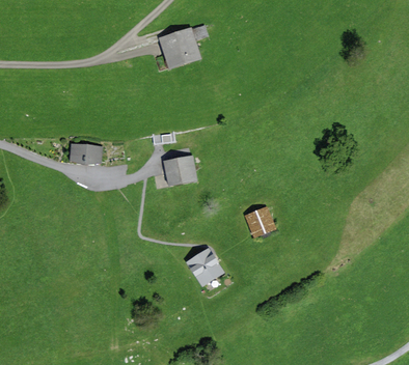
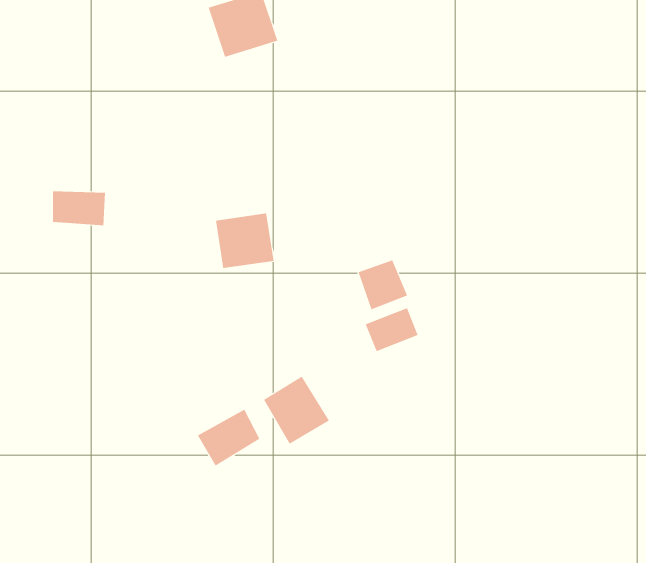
building: none -> [358,260,408,310]
building: none -> [197,409,260,466]

